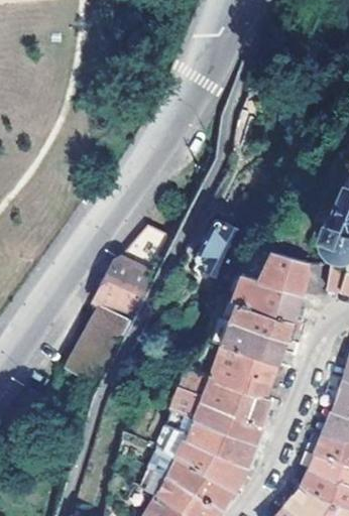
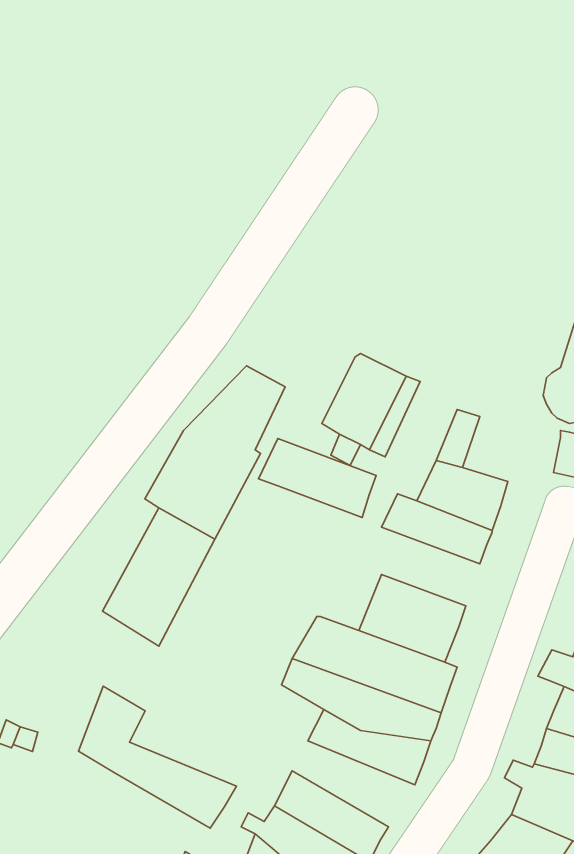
building: [274,256,307,293] -> none
building: [217,319,284,365] -> [258,439,376,517]
building: [156,410,247,492] -> [78,686,236,828]

